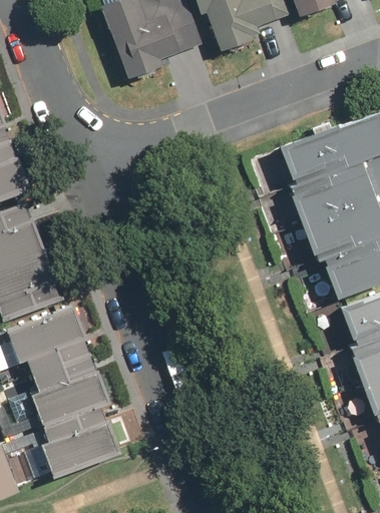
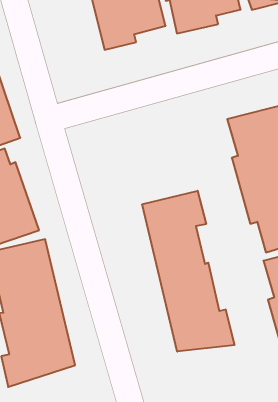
building: none -> [142,191,234,352]

